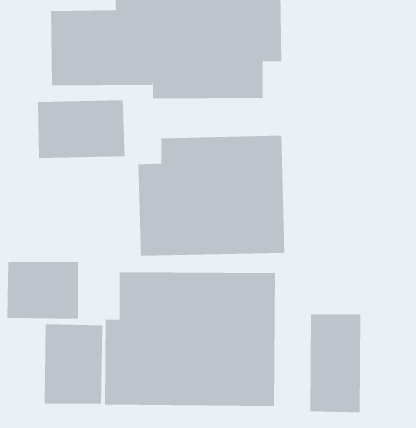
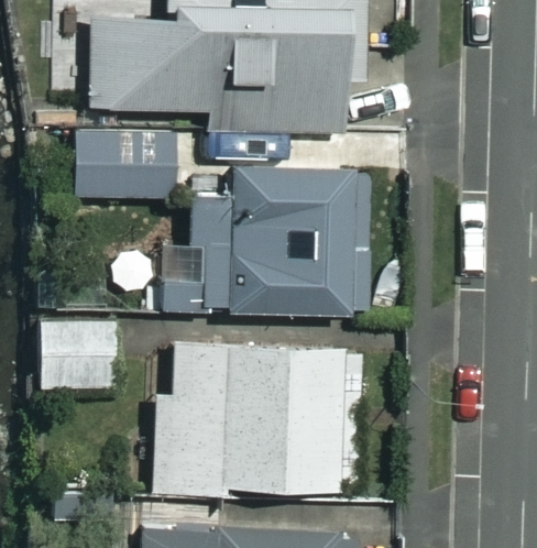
building: [310,313,361,413] -> none
building: [44,323,103,405] -> none

